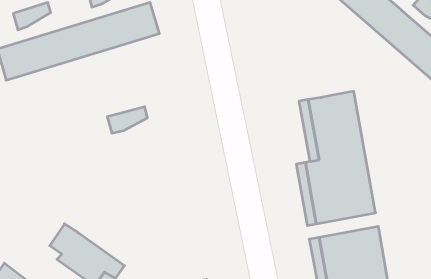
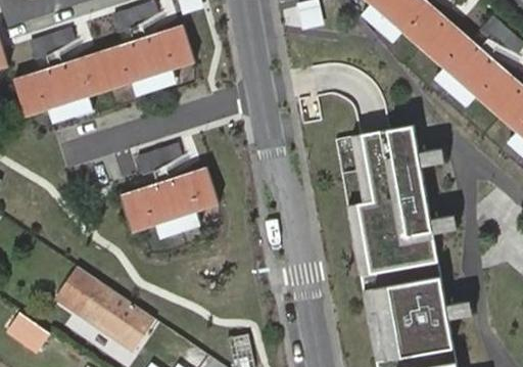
building: none -> [123,168,220,228]

